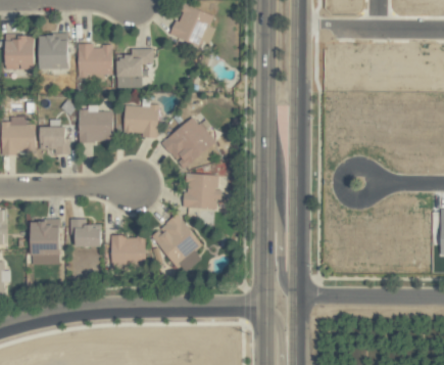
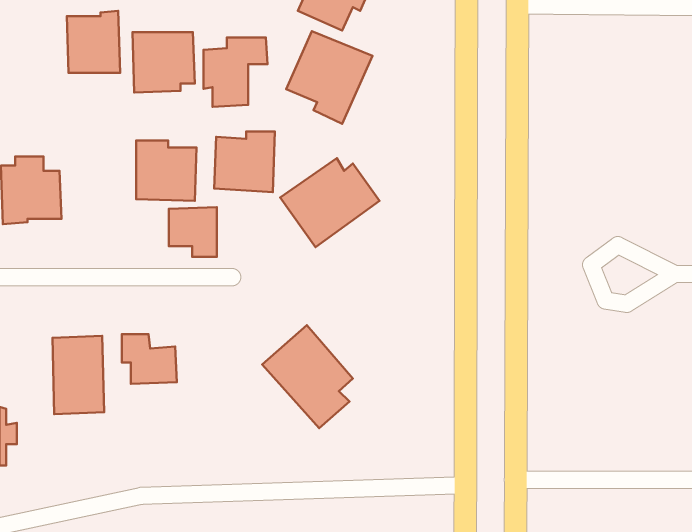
building: [6,35,35,70] -> none
building: none -> [286,31,373,124]
building: [41,126,68,154] -> [169,207,217,257]
building: [186,173,221,209] -> none
building: [111,236,146,265] -> none

